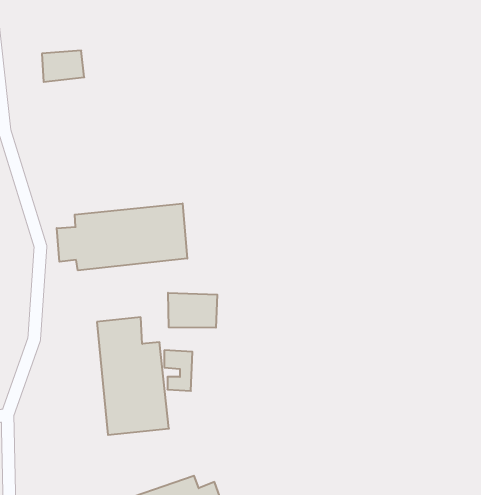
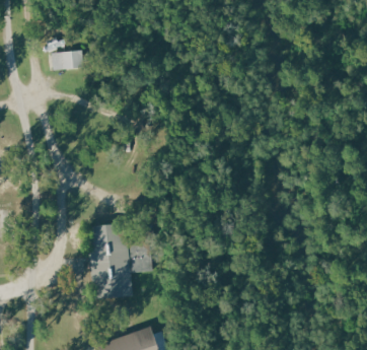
building: [57,203,187,270] -> none
building: [168,293,217,328] -> none

